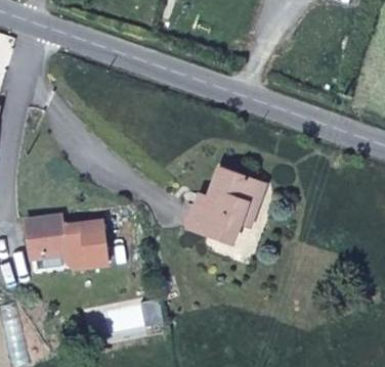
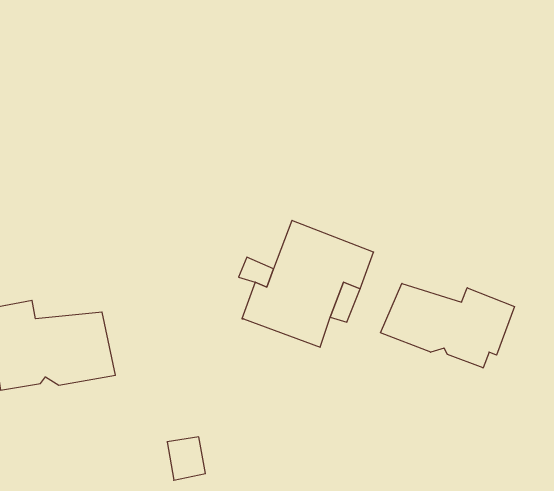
building: none -> [381,283,514,368]

